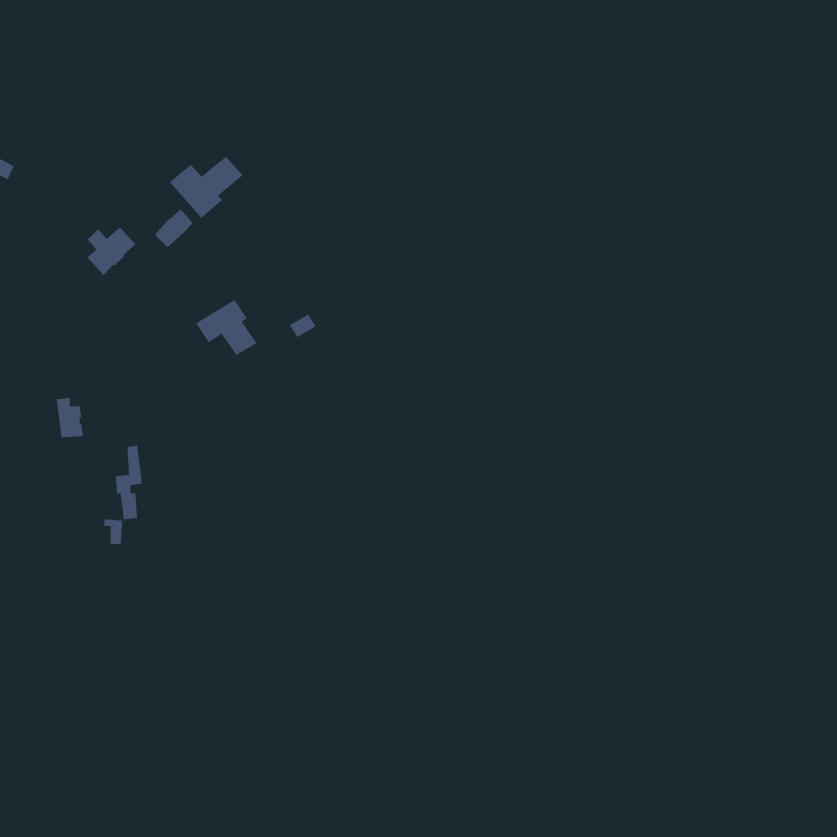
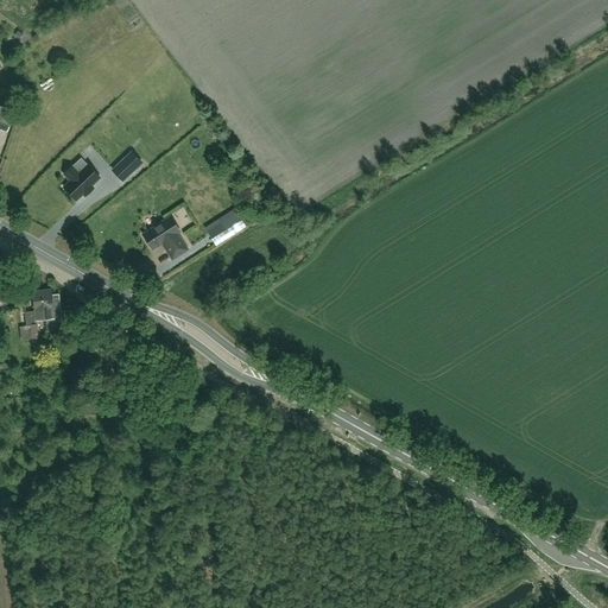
building: [169,156,244,219] -> none
building: [115,445,143,520] -> [24,289,44,343]

